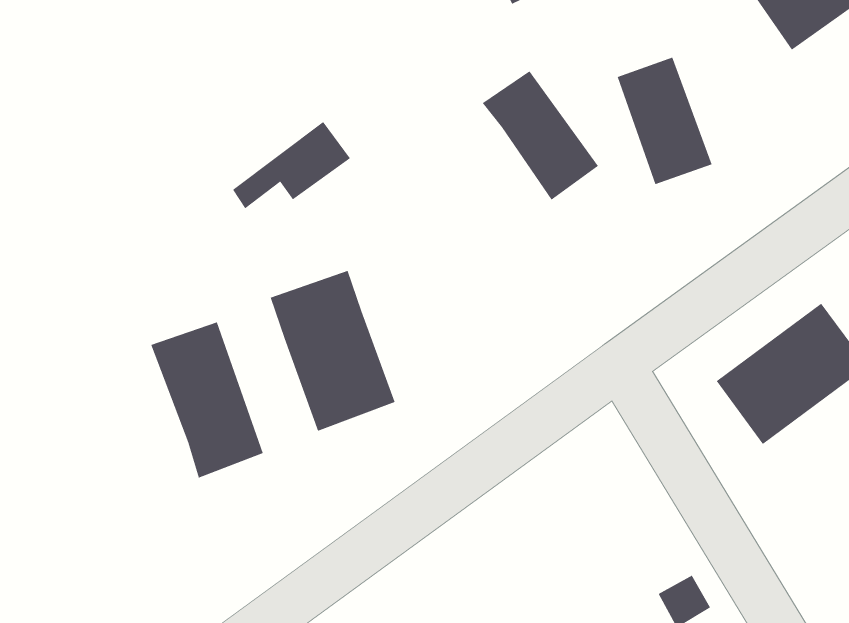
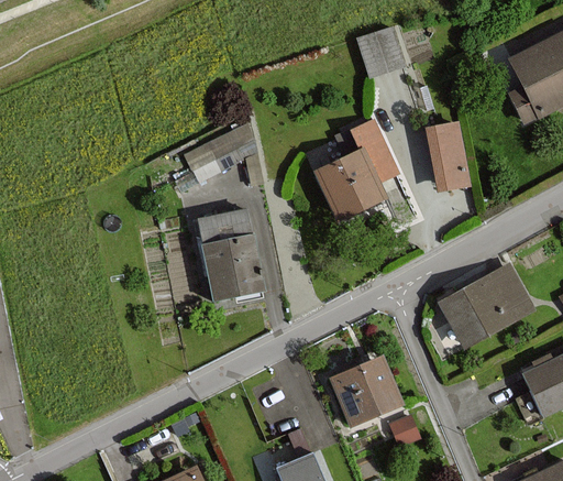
building: none -> [303,144,372,218]
building: [151,321,263,478] -> none
building: none -> [335,359,402,423]

